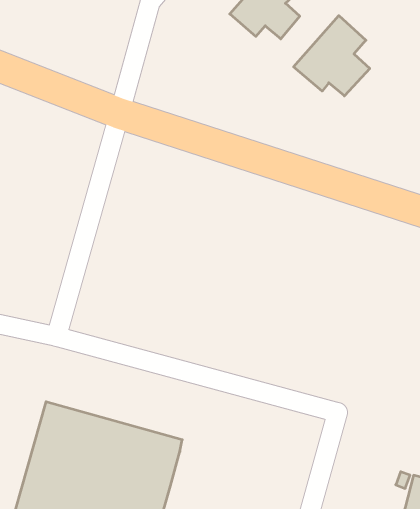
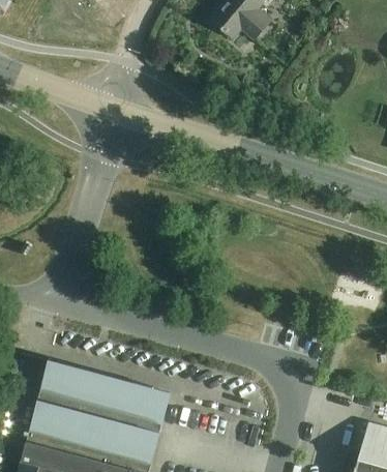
building: [294,16,370,96] -> none

